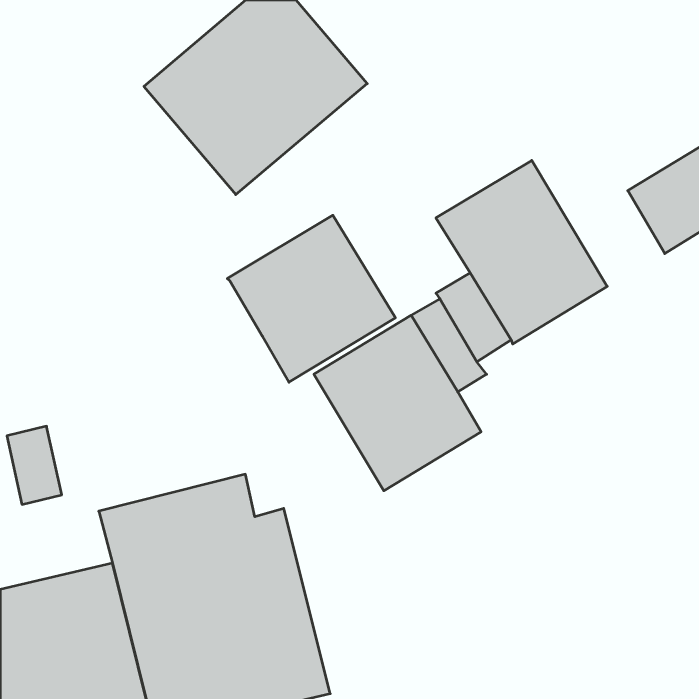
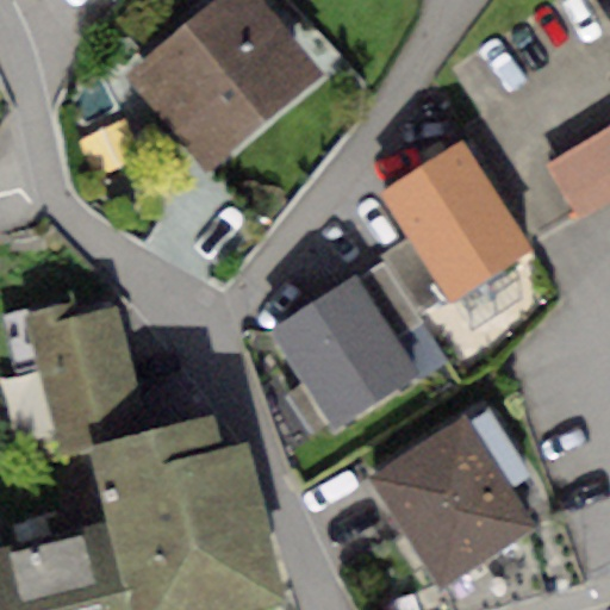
building: [227,215,395,382] -> none
building: none -> [30,292,143,436]
building: none -> [367,418,533,589]

